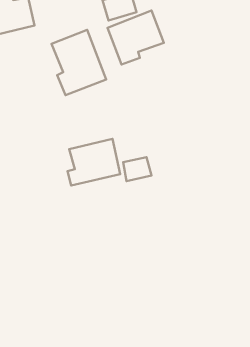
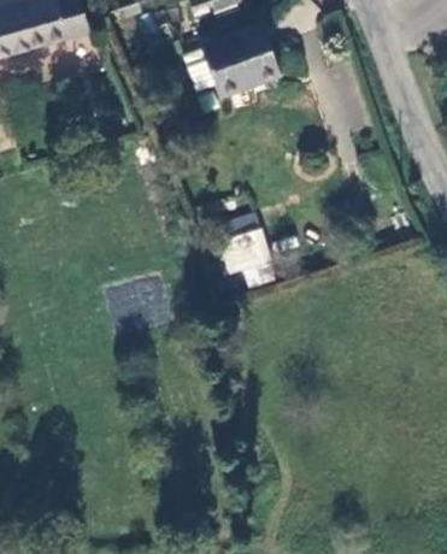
building: [51,30,106,95] -> none
building: [67,139,120,186] -> none

